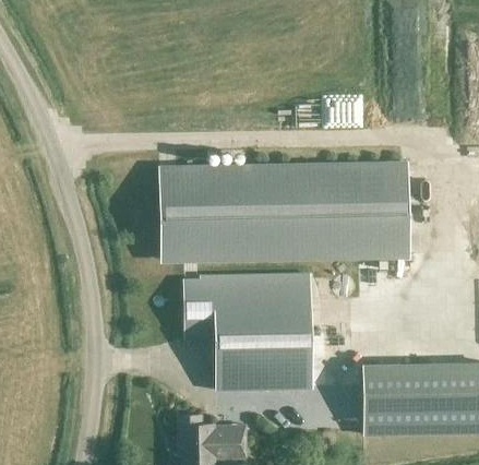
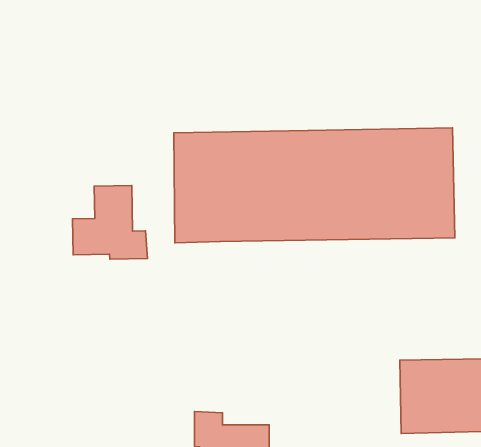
building: none -> [73,186,147,259]
building: [184,276,312,390] -> none

